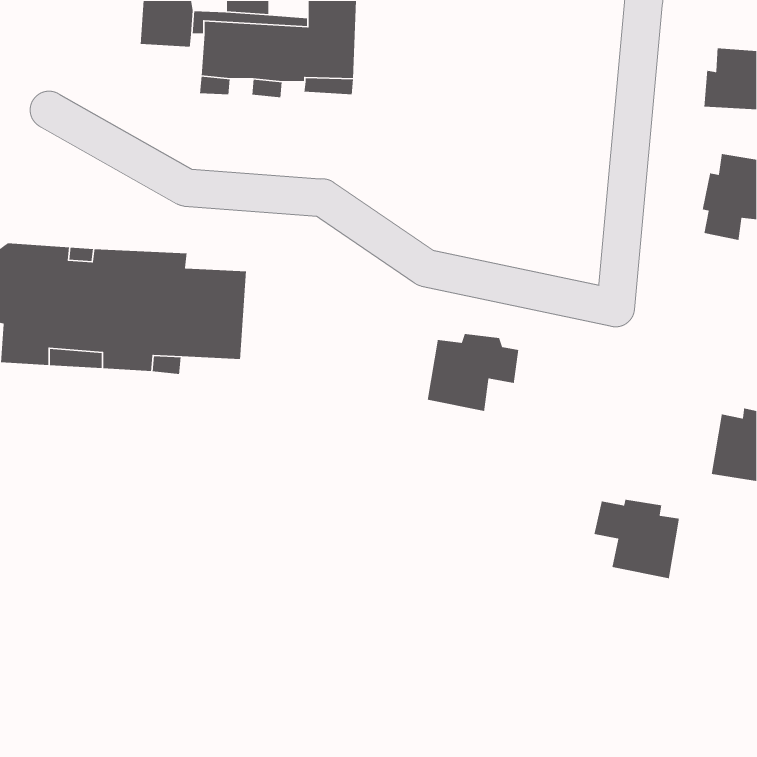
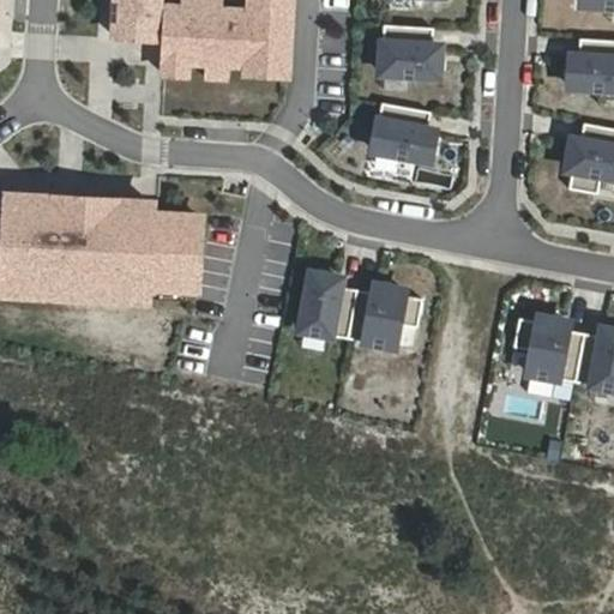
building: none -> [379,28,438,79]
building: none -> [372,106,433,163]
building: none -> [299,259,353,325]
building: [594,499,680,579] -> [512,320,582,385]

